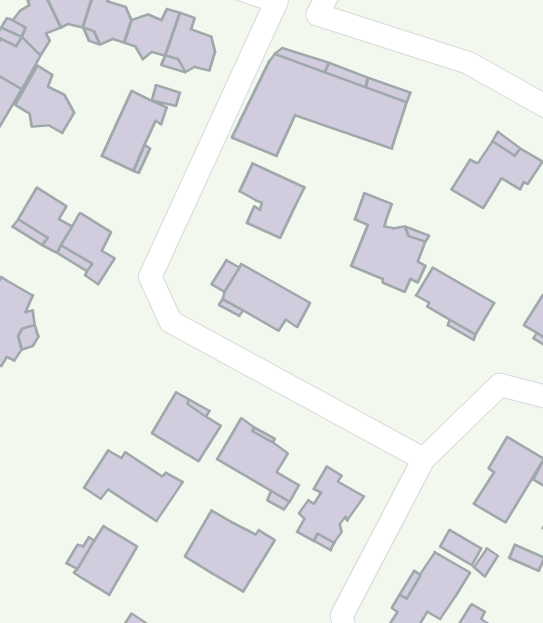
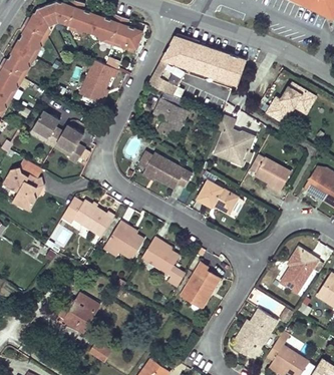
building: [15,66,74,133] -> none
building: none -> [197,179,239,213]
building: [84,450,183,521] -> [62,198,115,236]
building: [185,510,275,592] -> none

